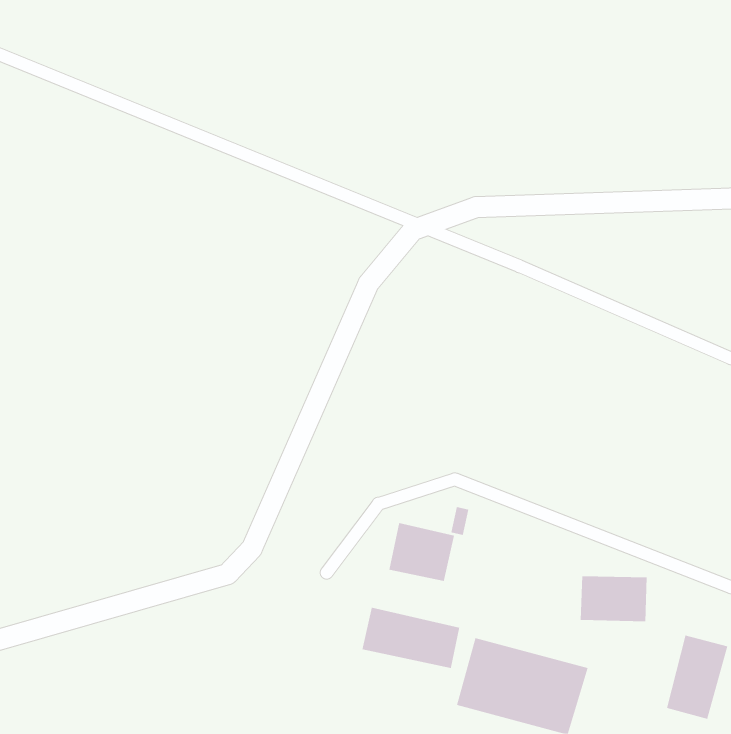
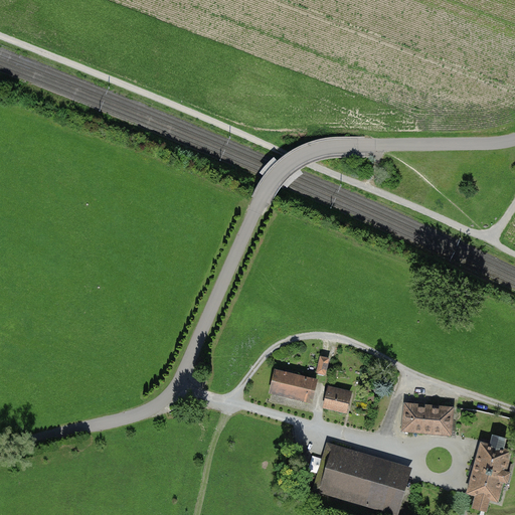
building: none -> [324,389,356,415]
building: [362,607,460,669] -> none

